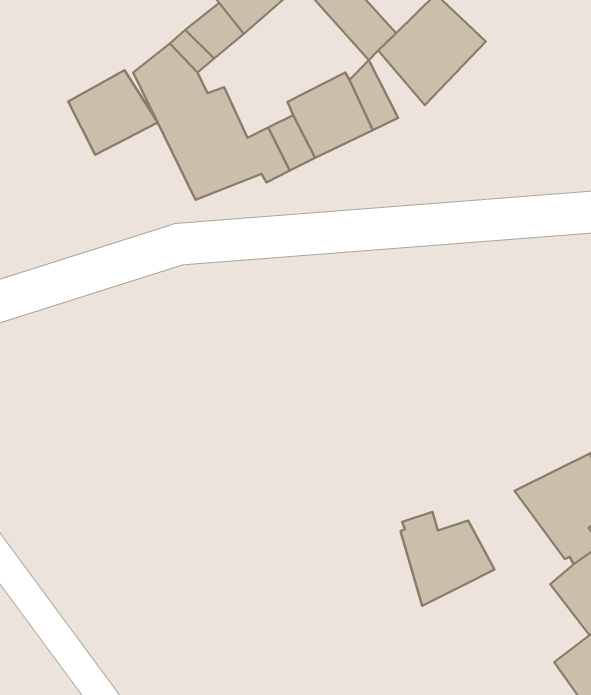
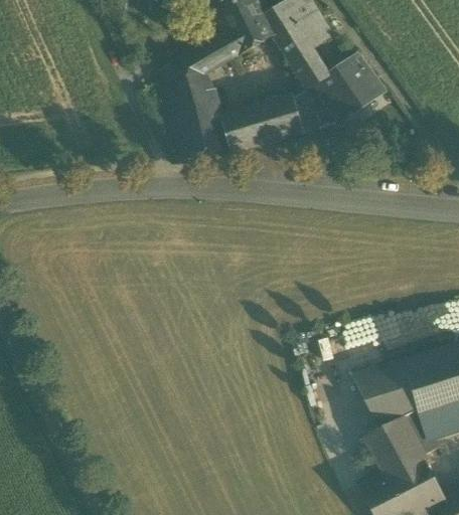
building: [68,70,158,155] -> none
building: [401,512,494,606] -> none

